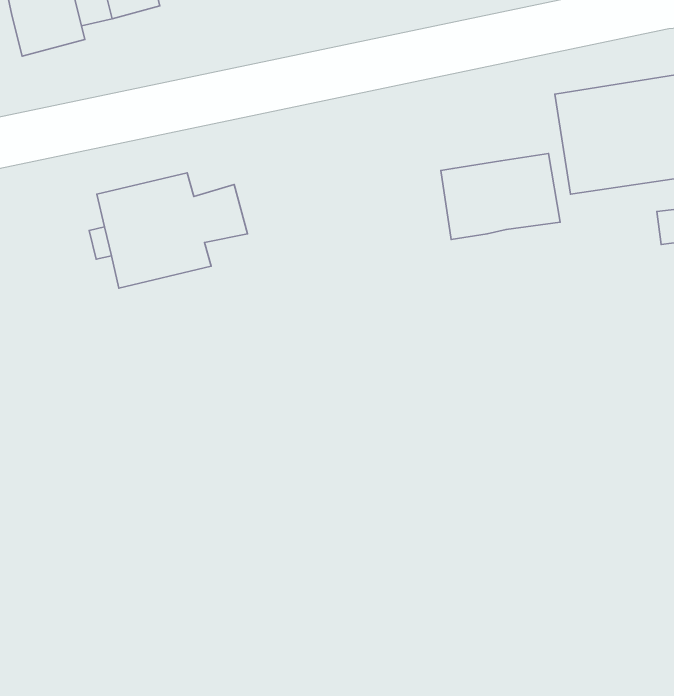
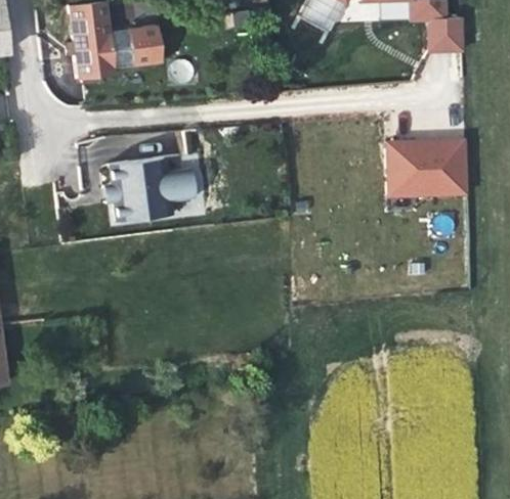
building: [441,153,560,239] -> none

